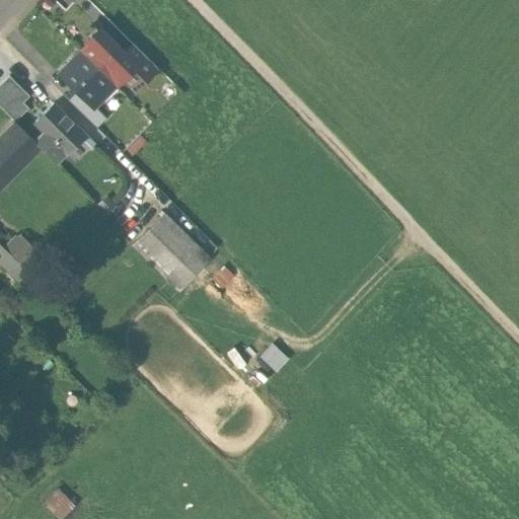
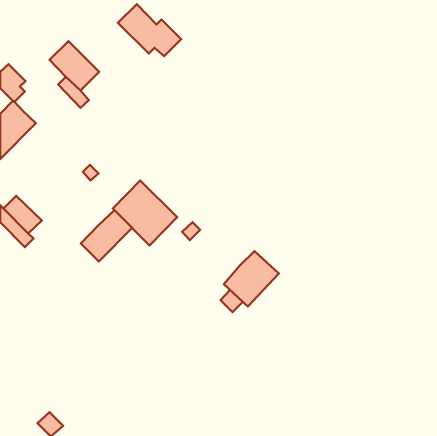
building: [81,26,156,88] -> [118,4,181,56]
building: [27,103,86,162] -> none
building: none -> [81,210,132,261]
building: none -> [224,251,279,306]

